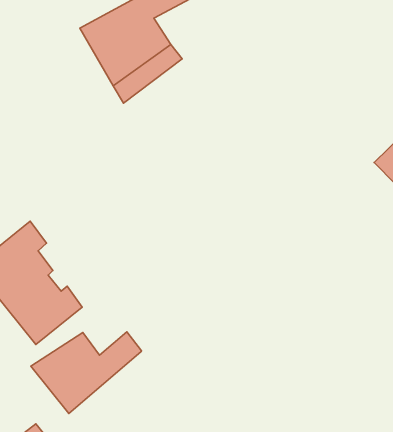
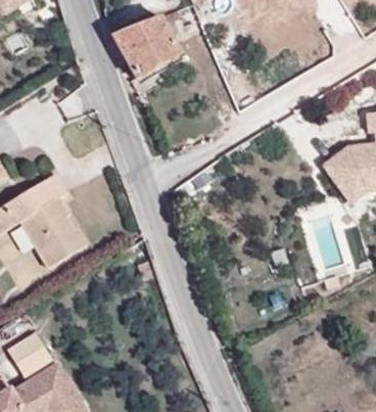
building: [31,332,142,413] -> none

